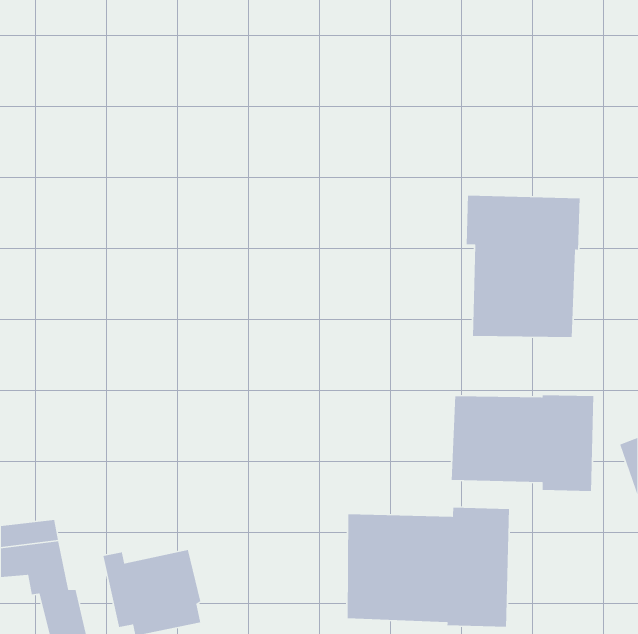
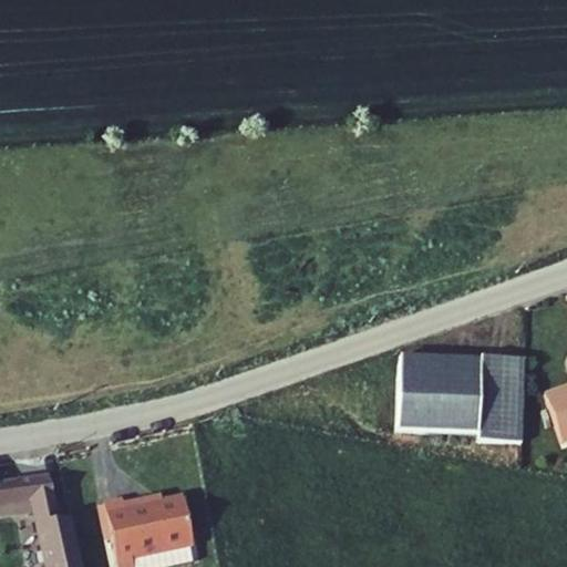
building: [466,195,580,338] -> none
building: [347,507,510,627] -> none

